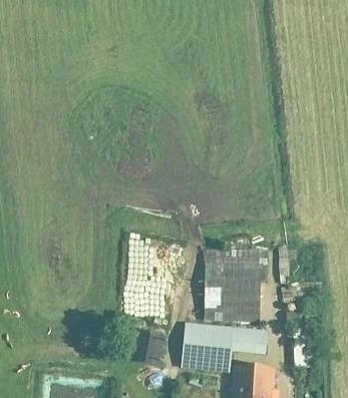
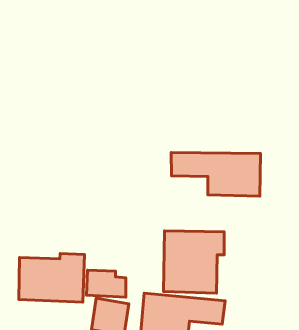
building: none -> [171,152,260,196]
building: none -> [19,253,85,302]

